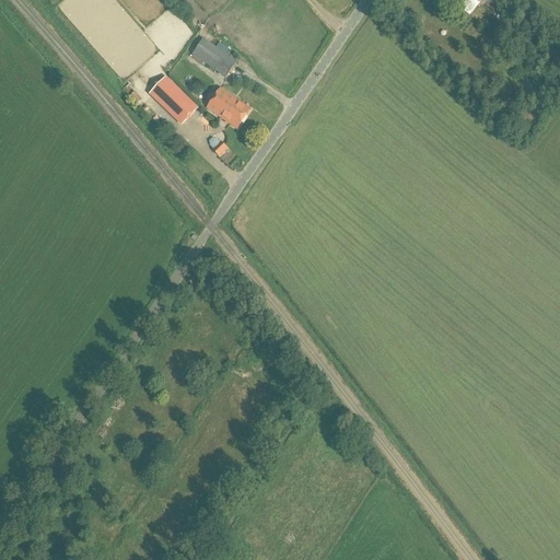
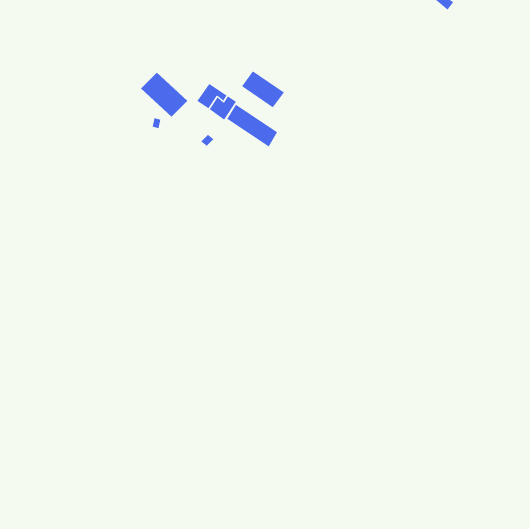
building: [190,37,236,77] -> [241,71,285,108]
building: none -> [226,104,278,147]

